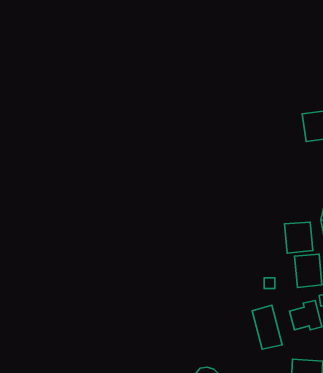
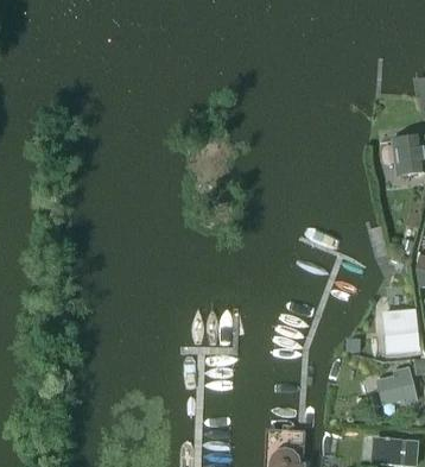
building: [285,222,313,253] -> none
building: [252,305,282,349] -> none

